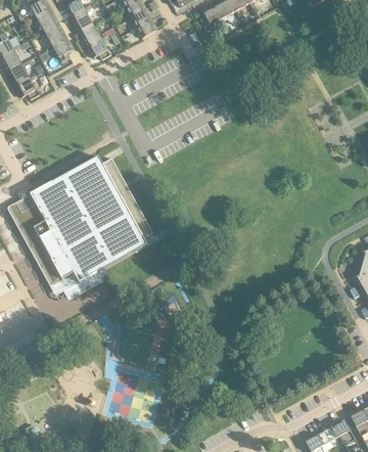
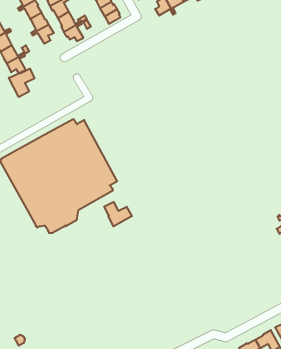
building: none -> [9,69,34,97]
building: none -> [104,202,132,226]

